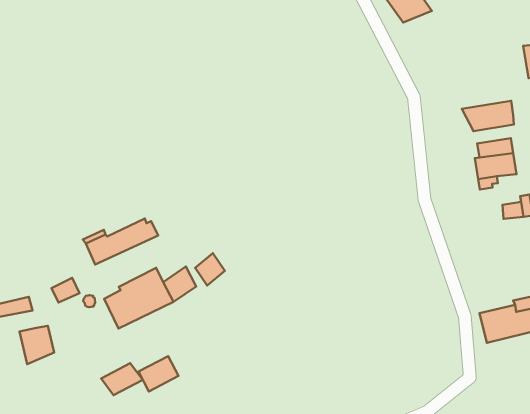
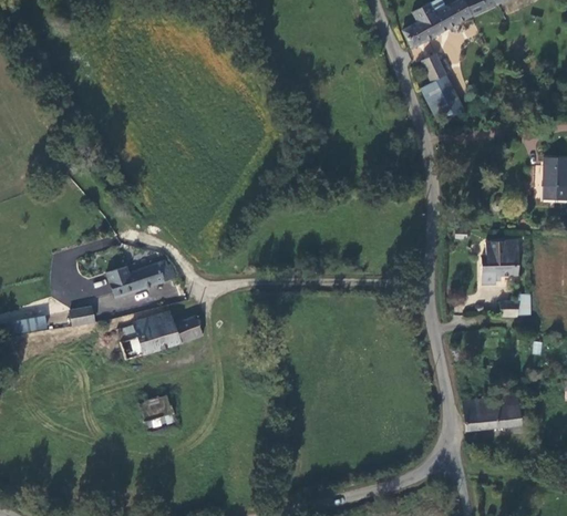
building: [462,101,514,131] -> none
building: [195,253,225,286] -> none
building: [20,326,54,364] -> none
building: [101,363,143,395] -> none

